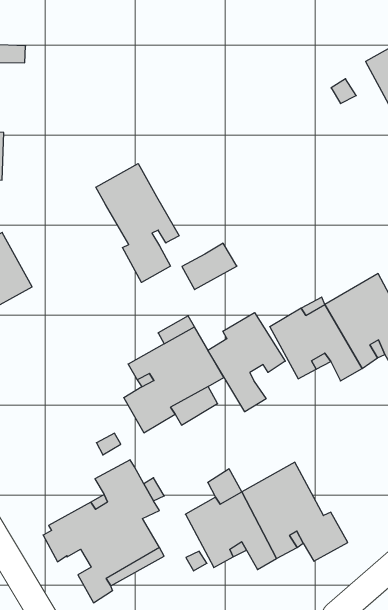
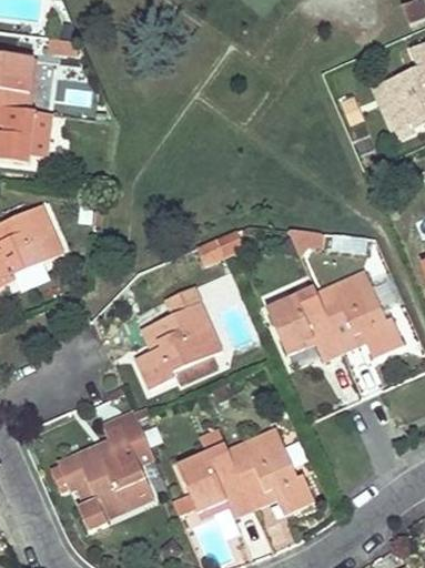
building: [96,164,179,282] -> none
building: [208,313,285,412] -> none

